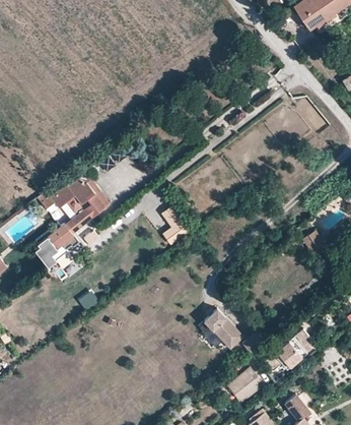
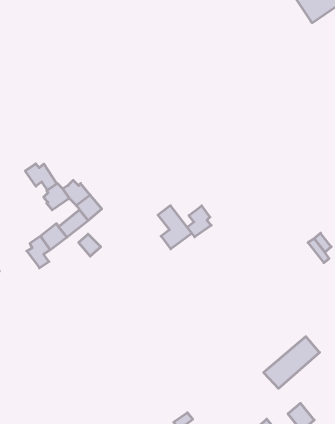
building: none -> [25,164,57,190]
building: none -> [187,206,211,237]
building: [205,308,243,349] -> none
building: [226,367,263,405] -> none

